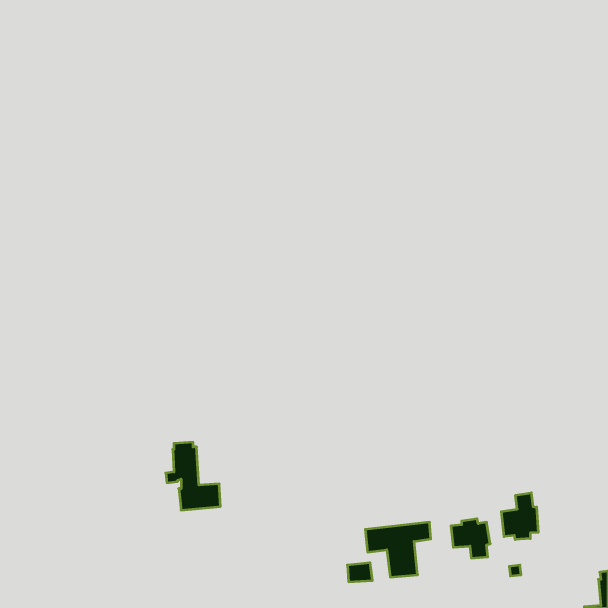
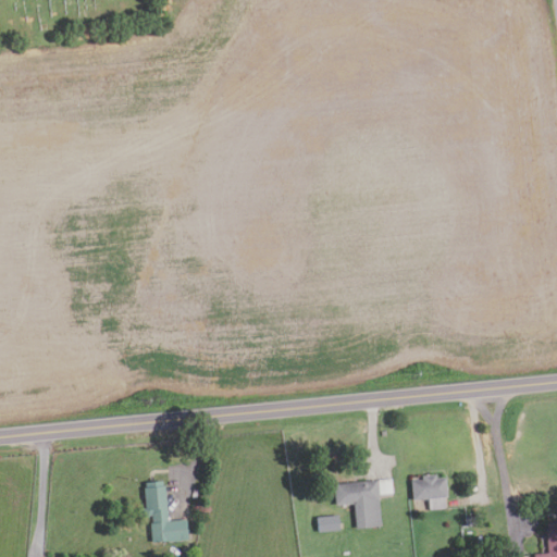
building: [166,442,220,510] -> [138,481,188,543]
building: [501,493,538,540] -> none

